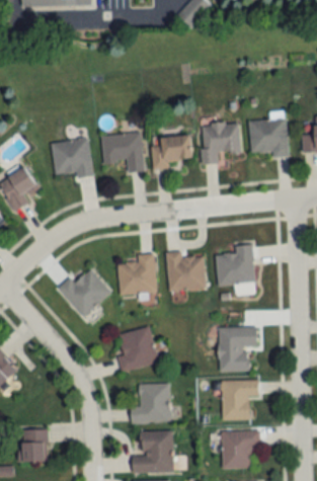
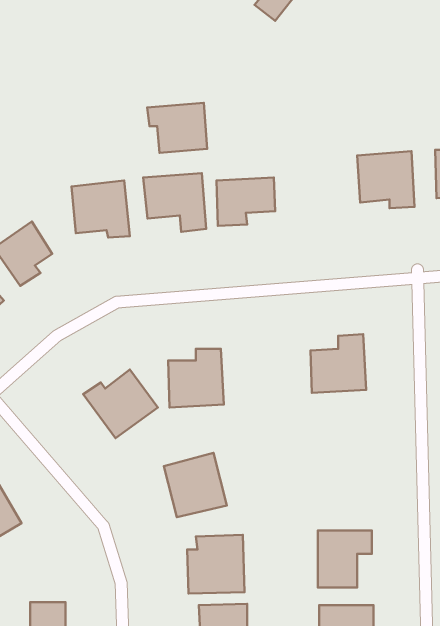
building: none -> [147,103,207,153]
building: [202,123,240,164] -> none
building: [167,252,207,291] -> none
building: [219,326,257,371] -> none

